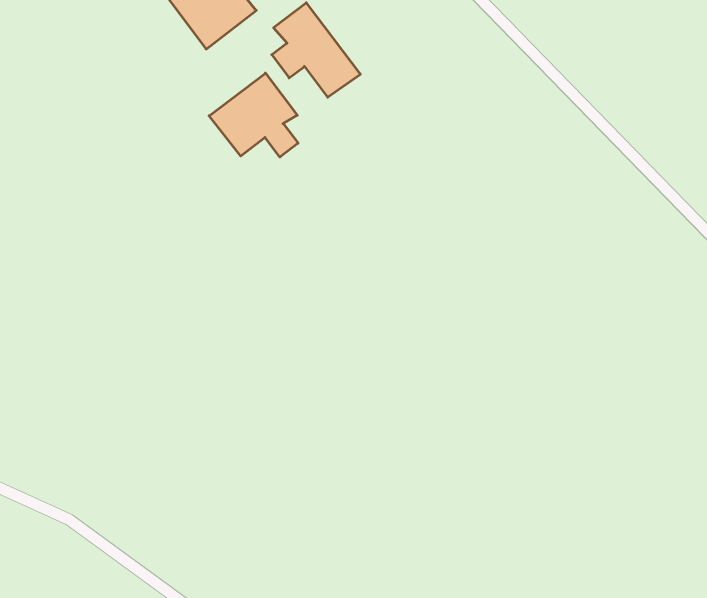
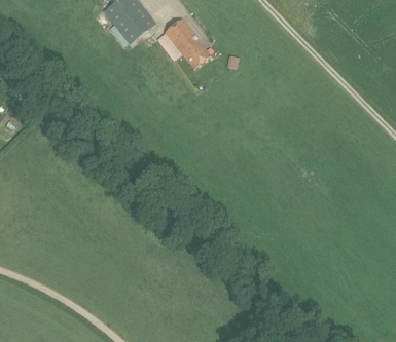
building: [209,73,298,157] -> none

